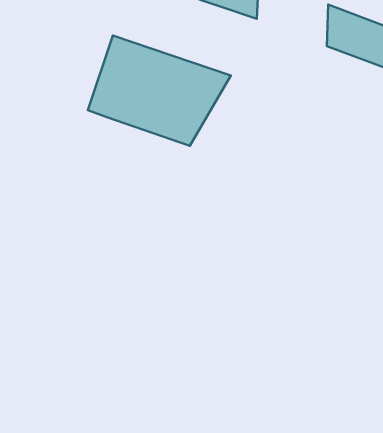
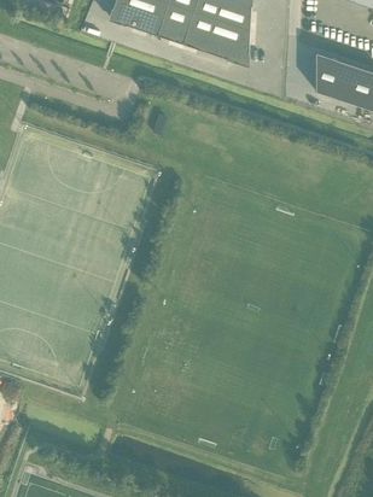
building: [88,36,231,146] -> none

